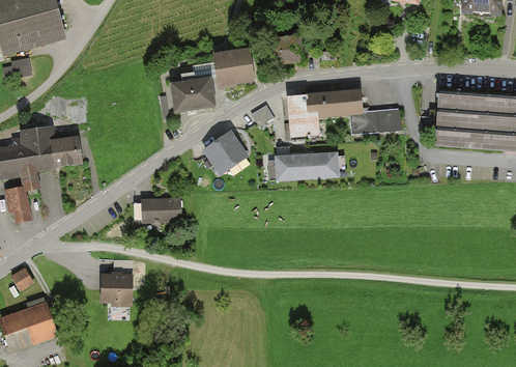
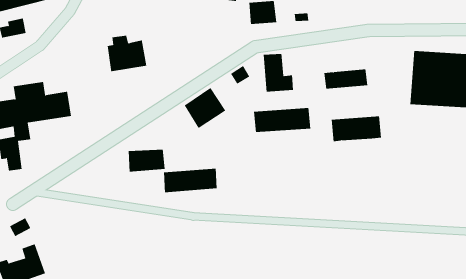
building: [213,49,252,86] -> none
building: [170,72,213,111] -> [107,35,147,72]
building: [307,89,362,117] -> [331,116,382,142]
building: none -> [163,168,217,193]
building: [102,277,137,302] -> none

